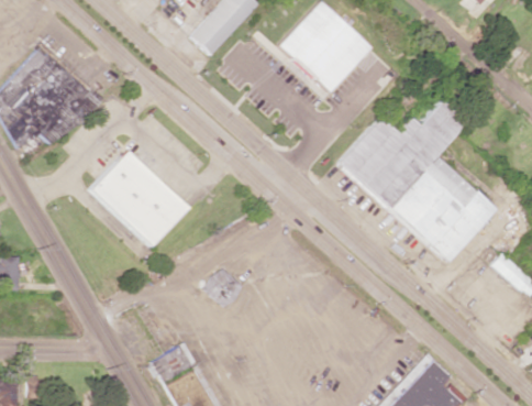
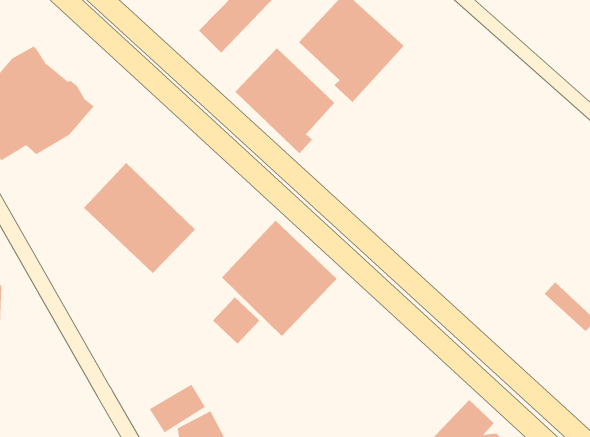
building: none -> [235,47,335,154]
building: [335,99,495,263] -> none
building: none -> [221,220,338,337]

